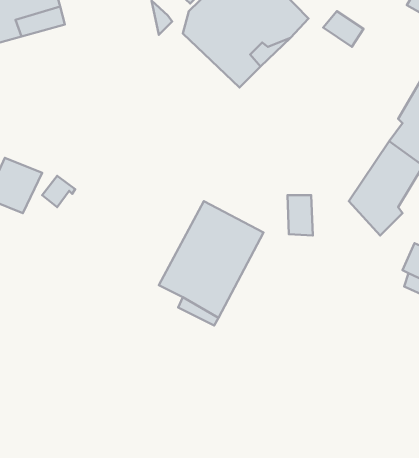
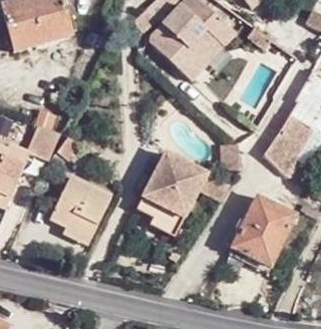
building: none -> [50,177,111,243]
building: none -> [232,197,296,268]

